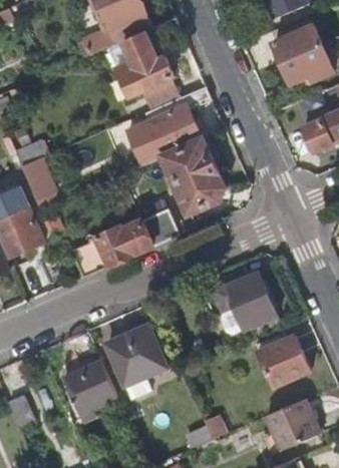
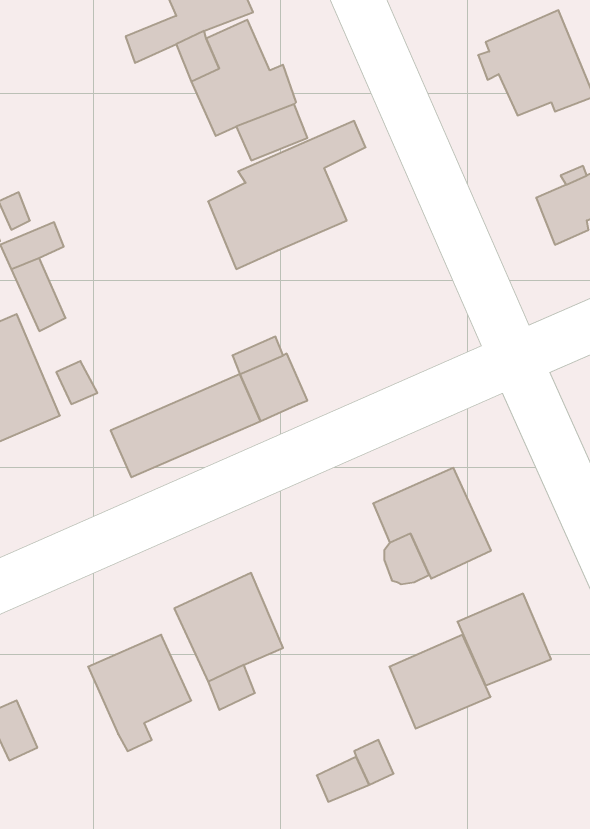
building: [163,138,223,210] -> none
building: [267,399,321,449] -> [389,635,491,729]

